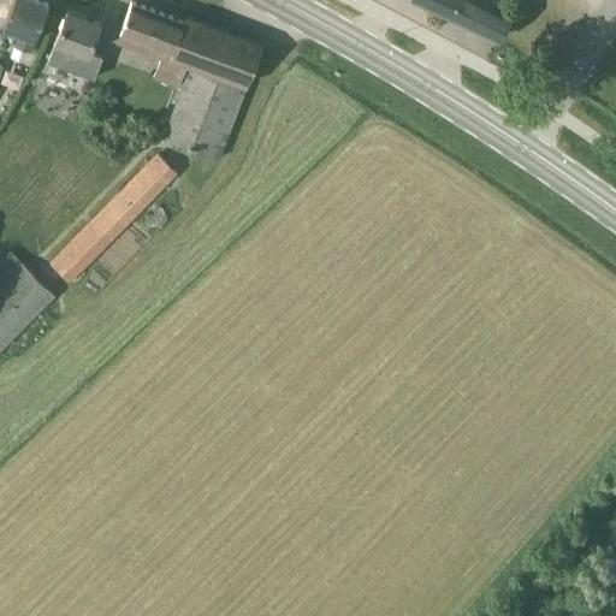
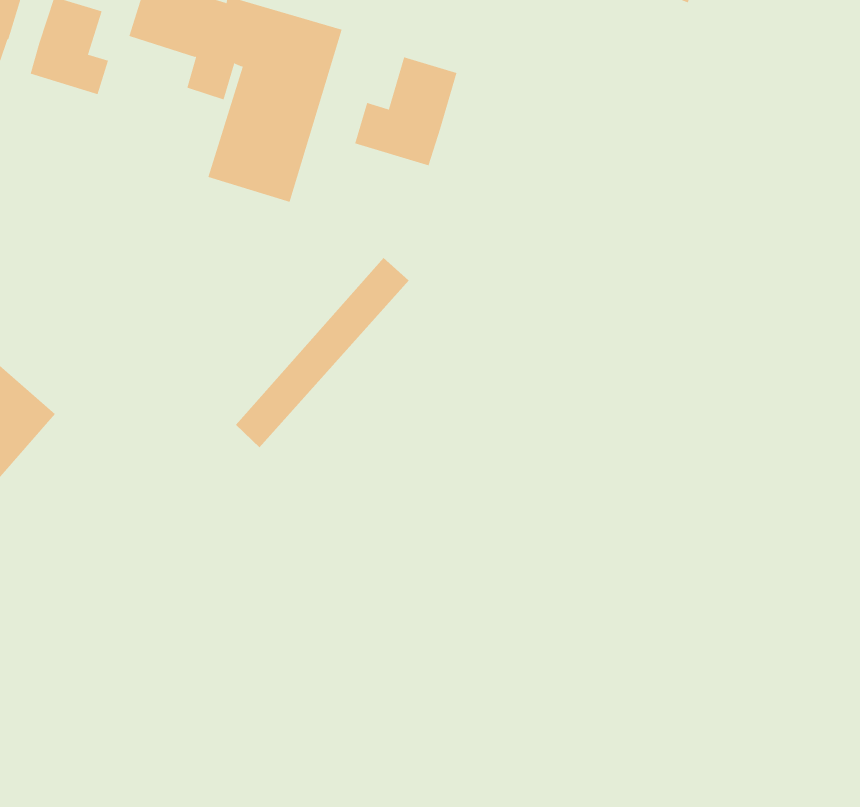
building: none -> [354,56,457,166]
building: [49,156,173,282] -> [235,257,410,448]

